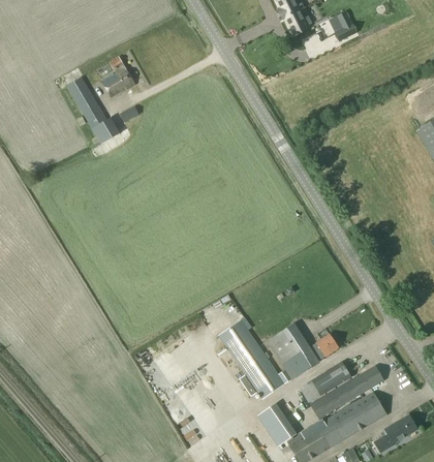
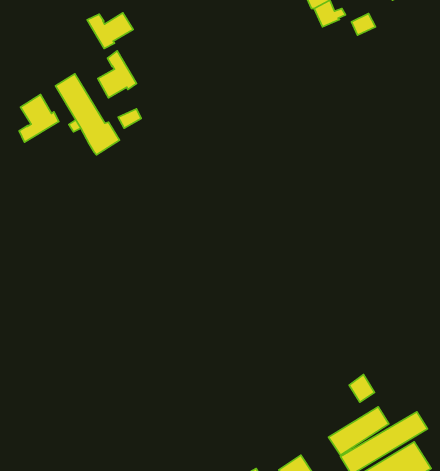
building: none -> [87,13,133,48]
building: none -> [19,95,59,142]
building: [218,318,317,398] -> none

